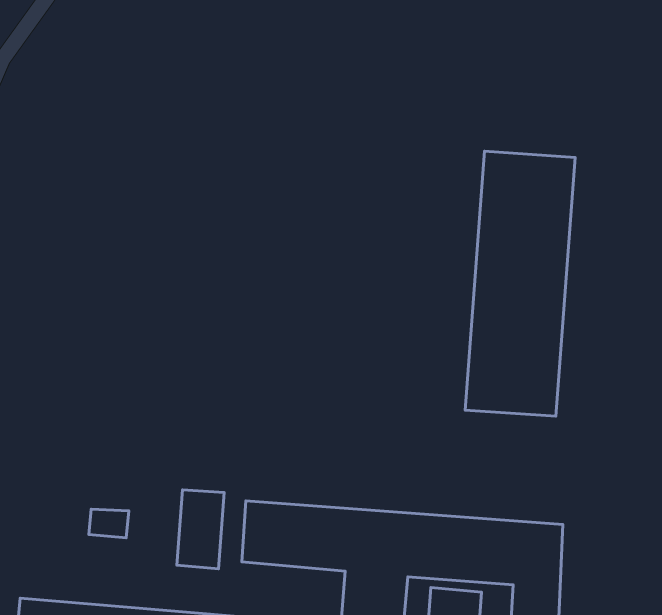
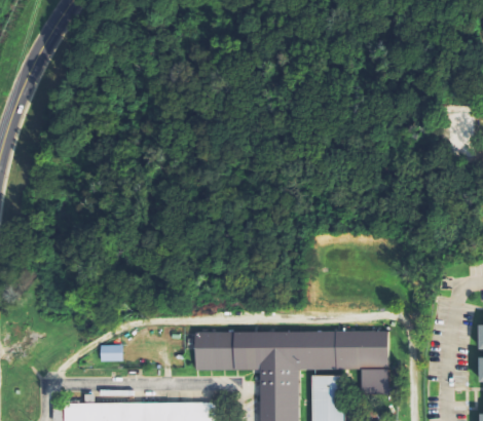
building: [465,151,575,416] -> none
building: [177,490,224,569] -> none

